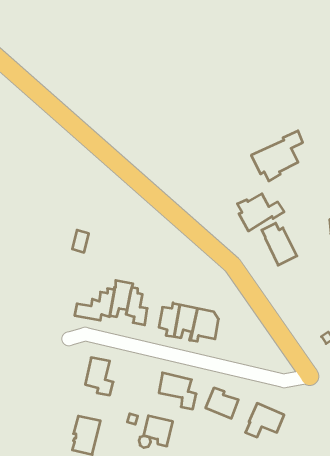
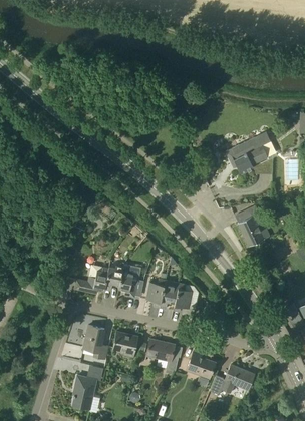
building: [237,194,284,231] -> none
building: [144,416,173,446] -> [112,331,137,357]

